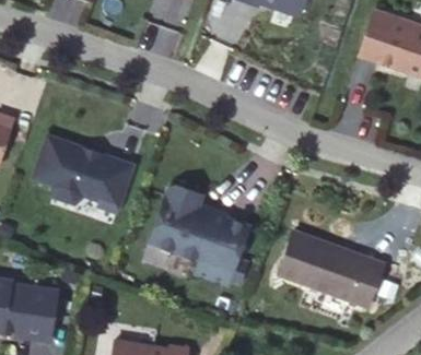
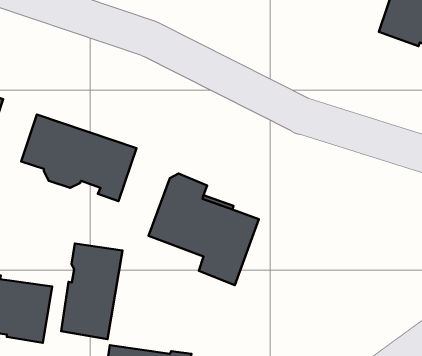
building: [276,233,383,311] -> none
building: none -> [61,243,123,339]

